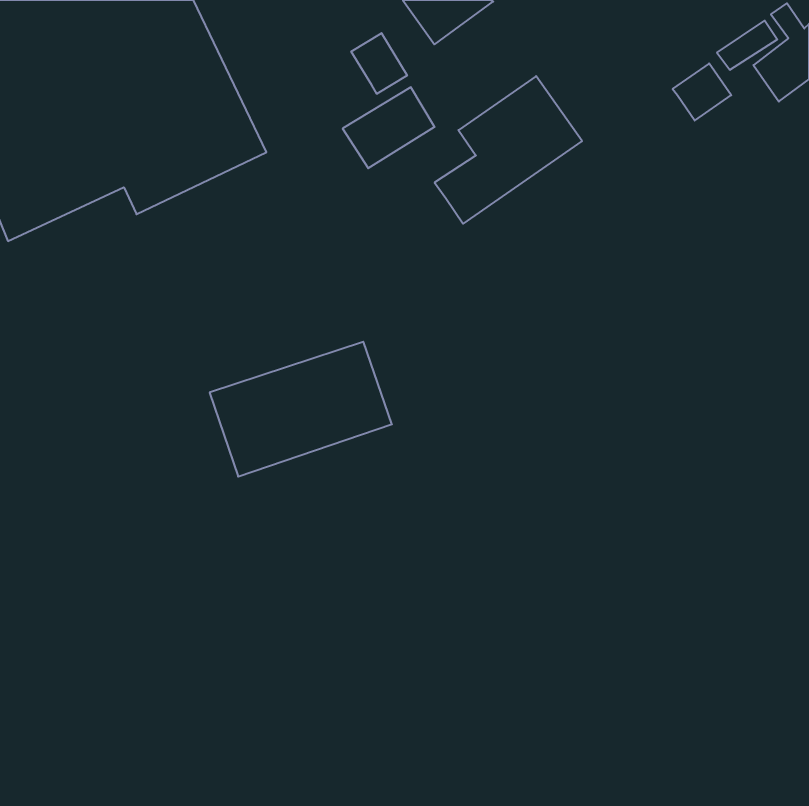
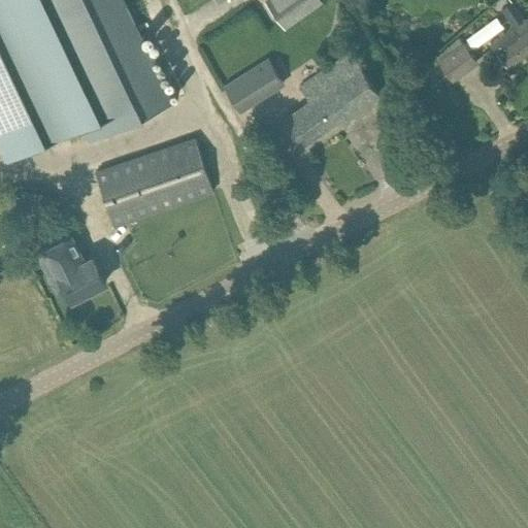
building: [351,33,407,94] -> none
building: [210,342,392,477] -> [94,139,212,227]
building: none -> [34,235,105,301]

